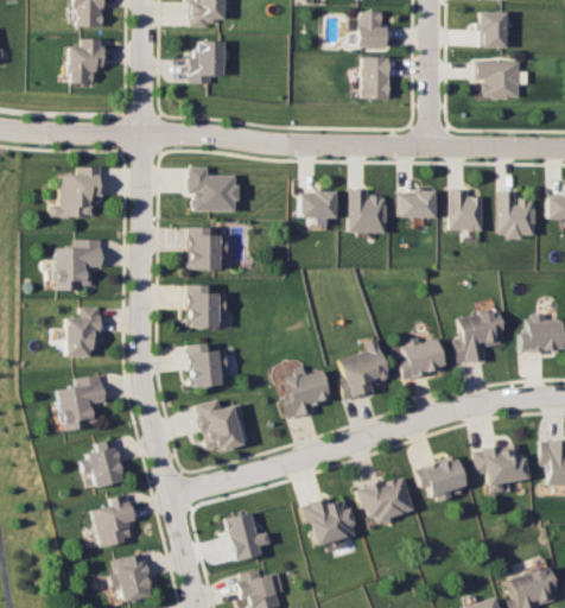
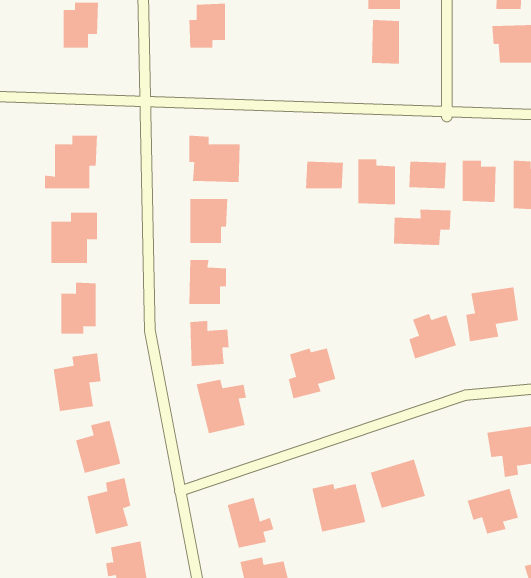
building: none -> [393,209,451,246]
building: [338,337,389,400] -> none
building: [415,457,465,501] -> [467,488,519,534]

